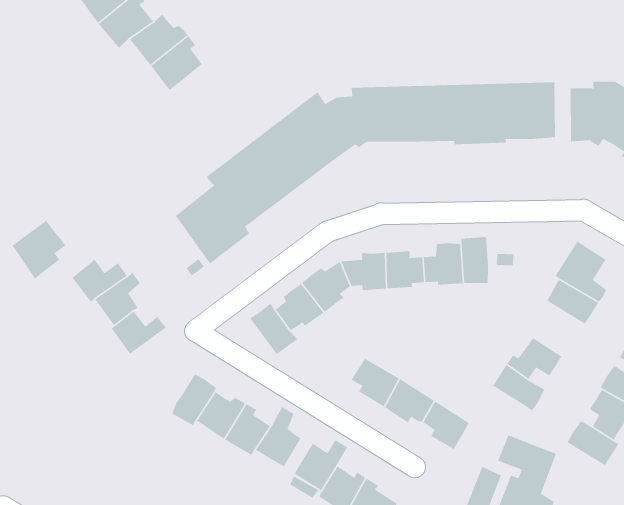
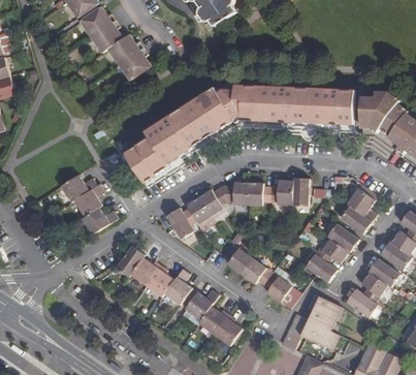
building: [11,220,67,280] -> none
building: none -> [326,223,358,252]

